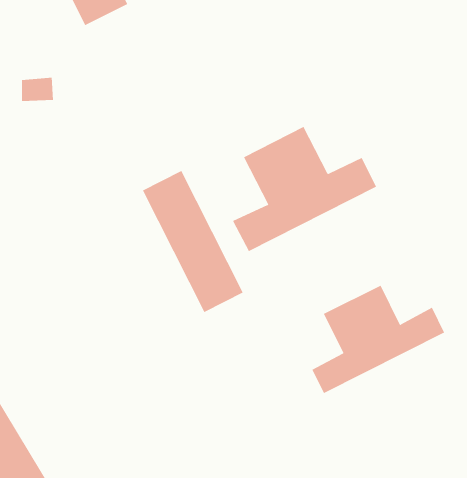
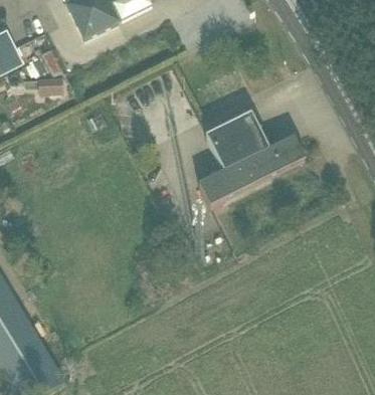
building: [142,170,243,313] -> none
building: [311,285,445,394] -> none

